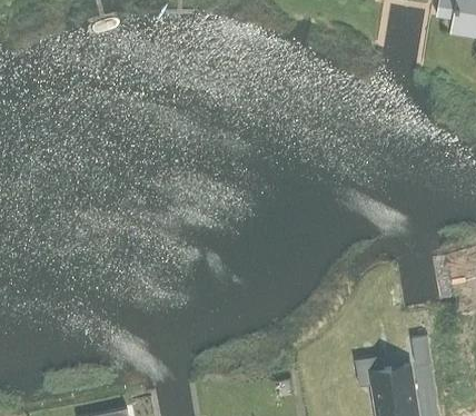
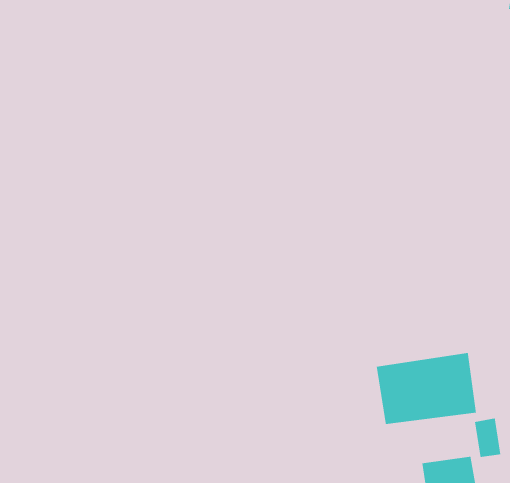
building: none -> [376,352,476,425]

